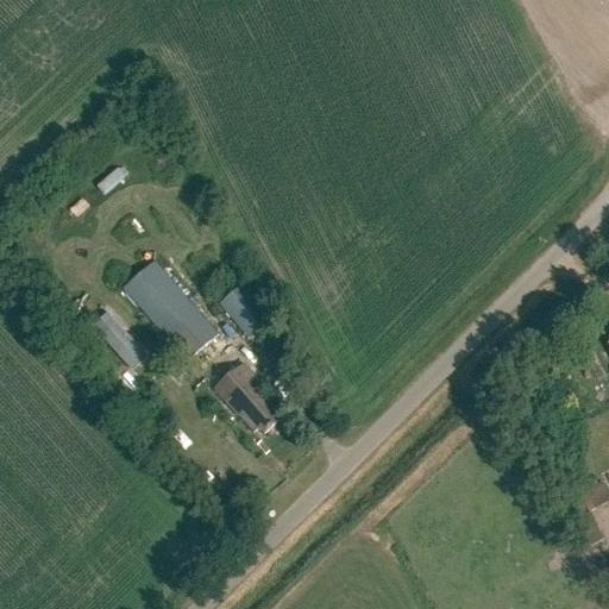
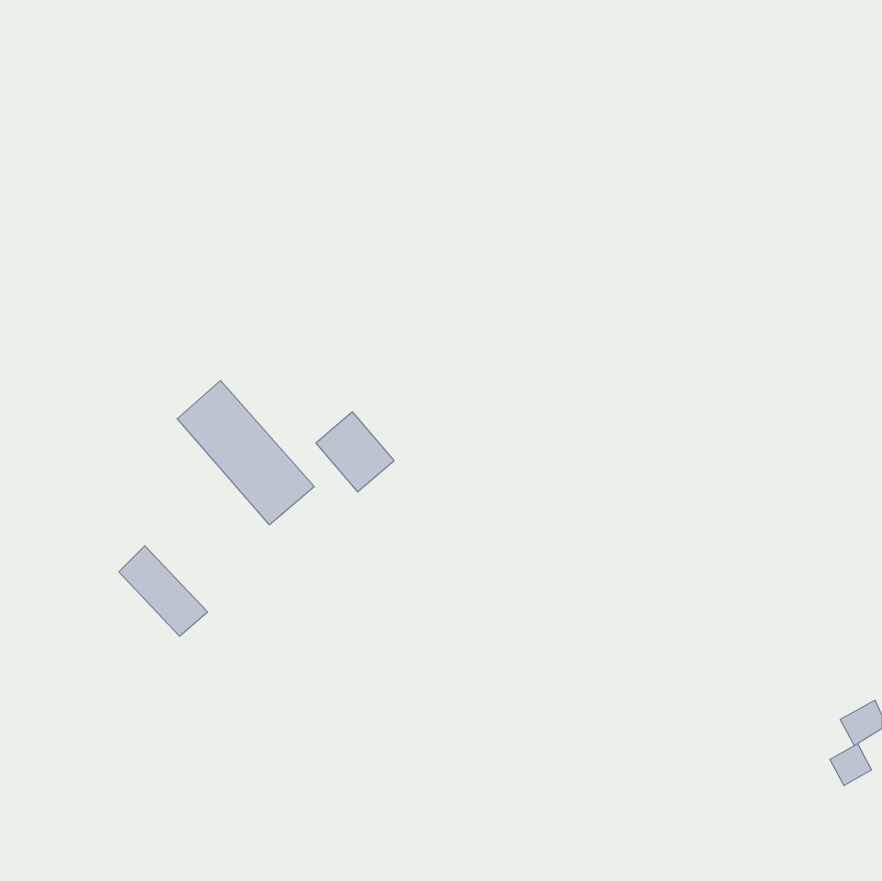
building: [95,309,156,371] -> [119,546,207,636]
building: [212,362,277,432] -> none

